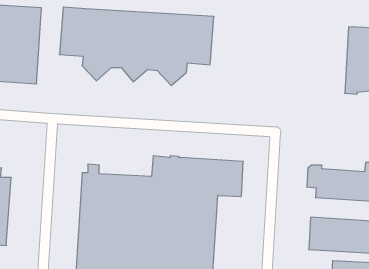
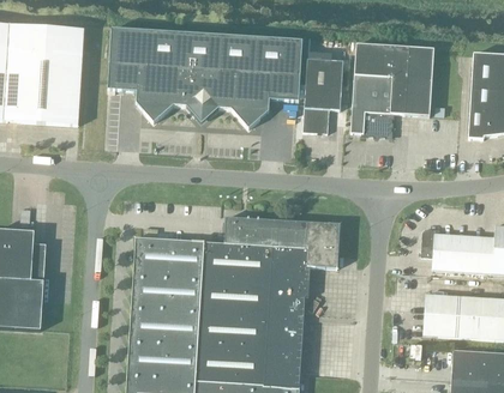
building: none -> [350,43,433,137]
building: none -> [302,59,343,133]

